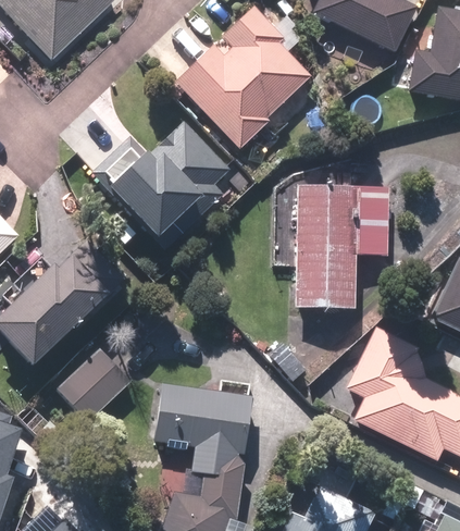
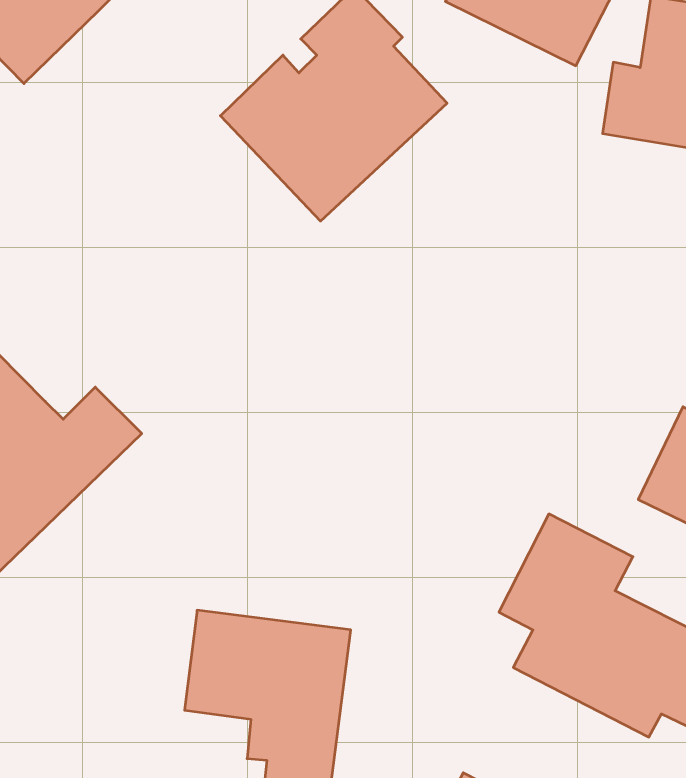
building: [105,115,248,258] -> none
building: [289,185,393,336] -> none
building: [58,348,132,421] -> none

